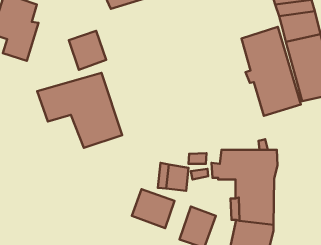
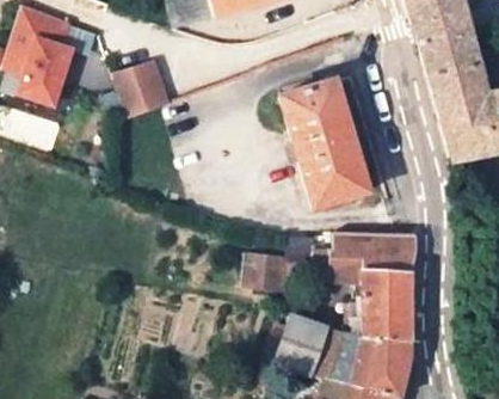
building: [242,27,301,116] -> [283,81,369,210]
building: [37,73,122,148] -> none
building: [132,189,175,228] -> none

